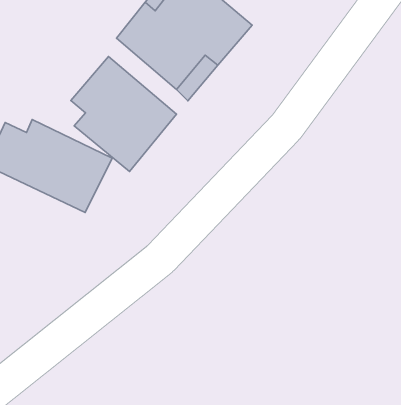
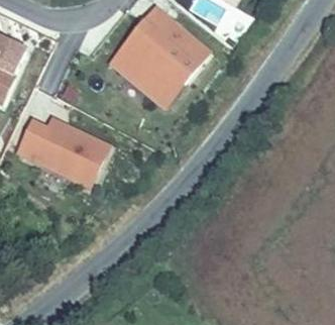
building: [71,57,176,171] -> none

